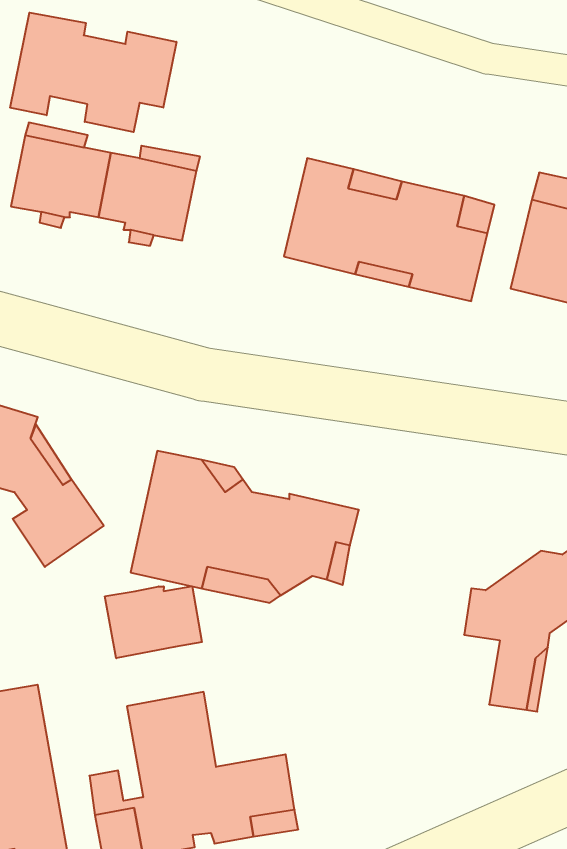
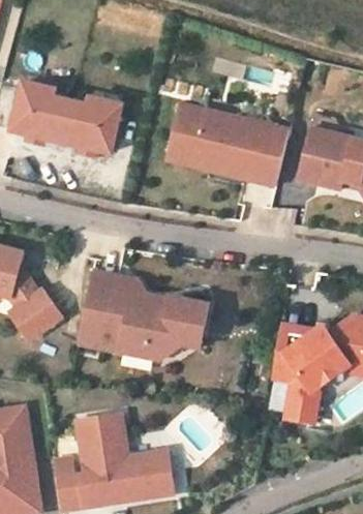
building: [10,13,176,132] -> none
building: [105,586,202,658] -> none

